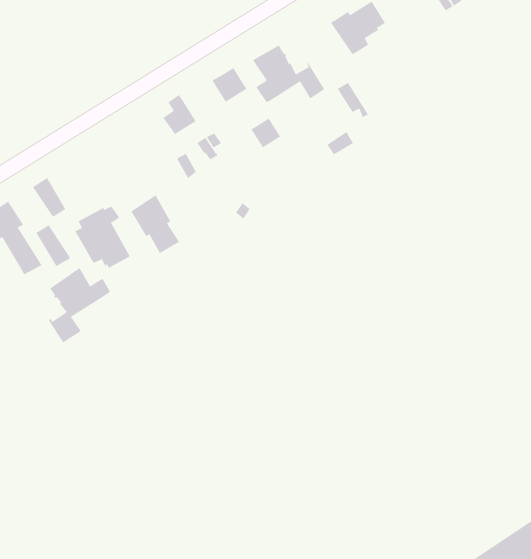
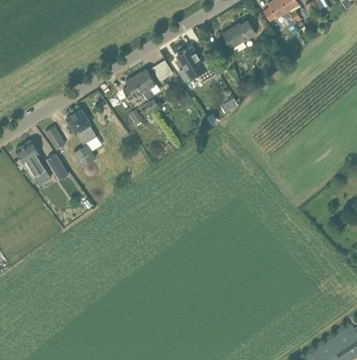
building: none -> [133,70,157,100]
building: [131,194,180,254] -> [67,109,96,144]
building: [48,267,111,343] -> none

